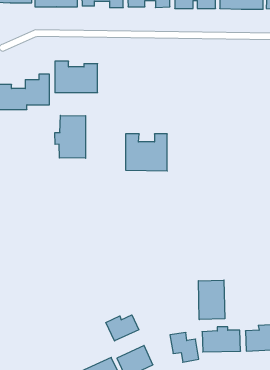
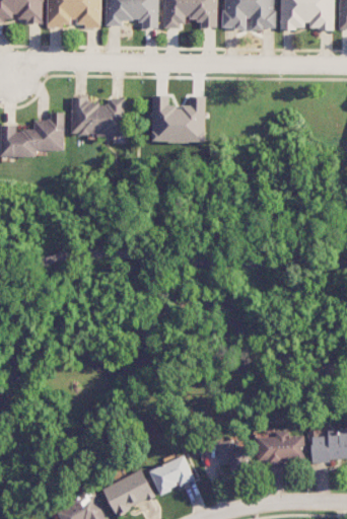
building: [55,115,86,158] -> none
building: [126,134,167,171] -> [152,95,205,142]
building: [198,280,225,320] -> none
building: [106,315,139,341] -> none

